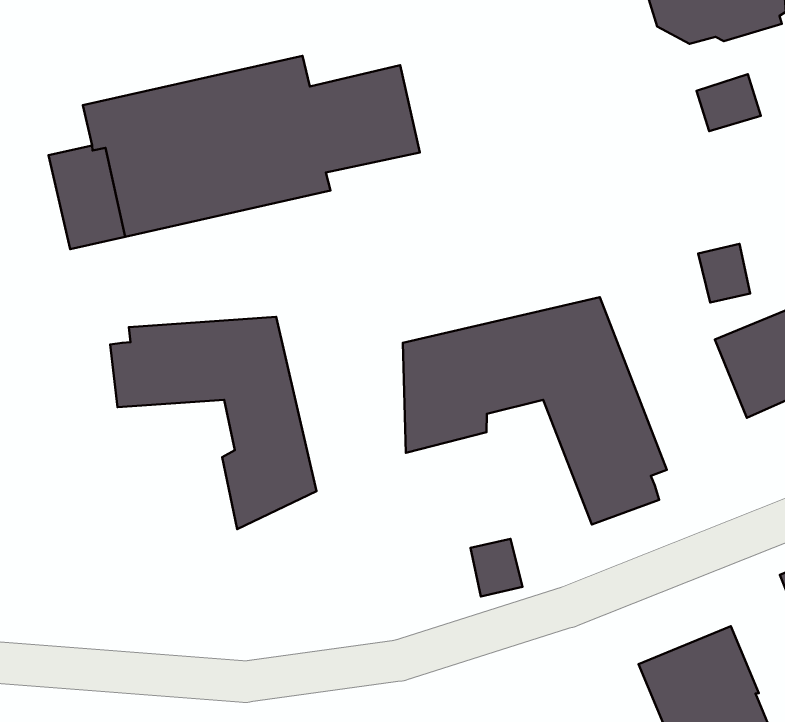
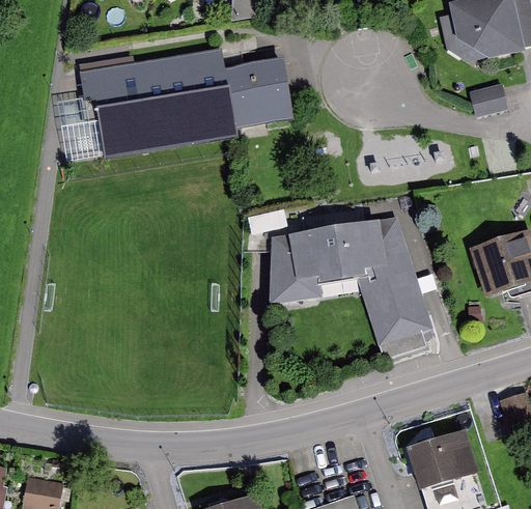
building: [698,244,750,302] -> none
building: [110,317,317,529] -> none
building: [470,539,522,596] -> none

